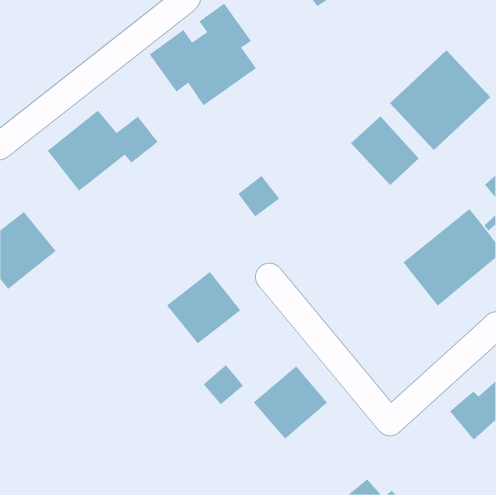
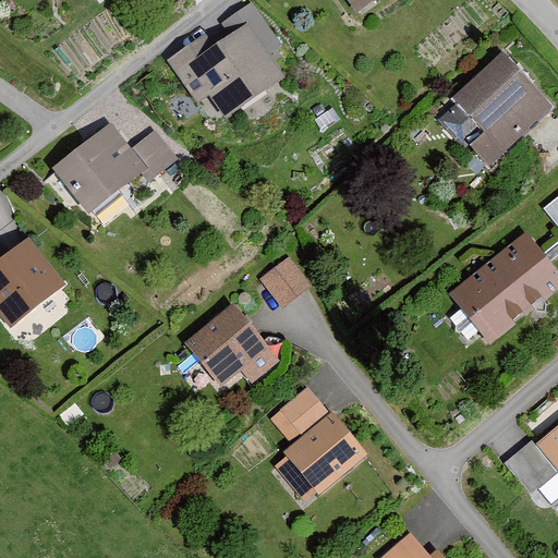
building: [350,116,420,186] -> none
building: [237,175,280,217] -> [260,256,308,303]
building: [203,364,244,405] -> [280,387,326,433]

